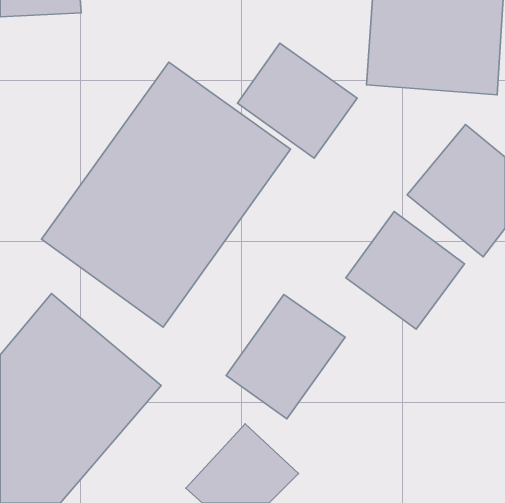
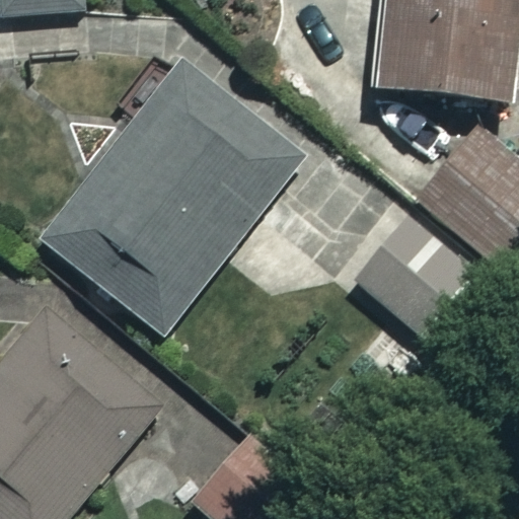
building: [237,43,357,158] -> none
building: [226,294,345,419] -> none

